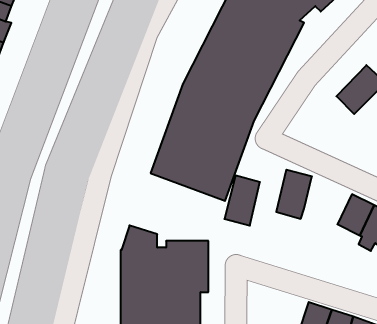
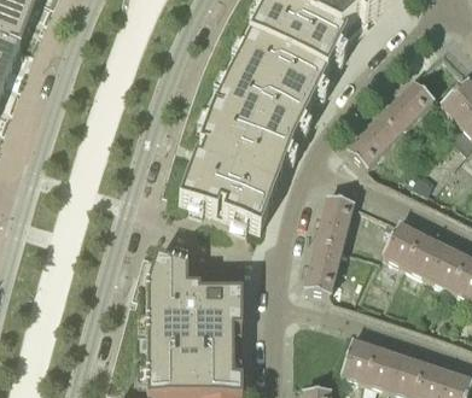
building: none -> [348,113,401,168]
building: [224,175,260,226] -> [304,239,343,293]

